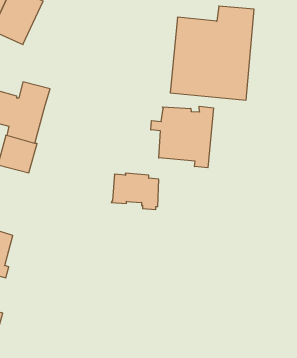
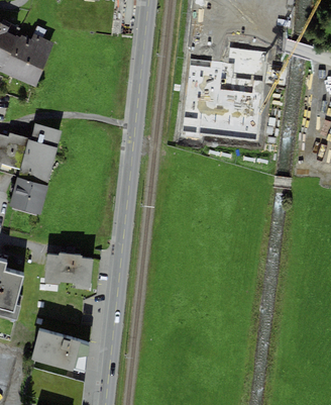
building: [151,106,213,168] -> none
building: [111,173,159,210] -> [44,252,92,289]
building: none -> [30,330,89,372]

